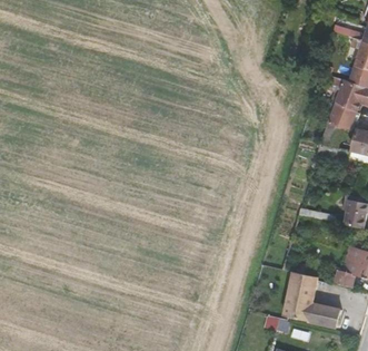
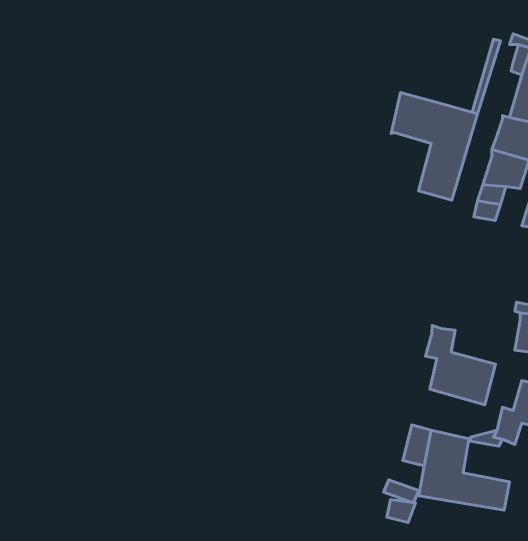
building: none -> [391,93,478,200]
building: none -> [425,326,495,405]

